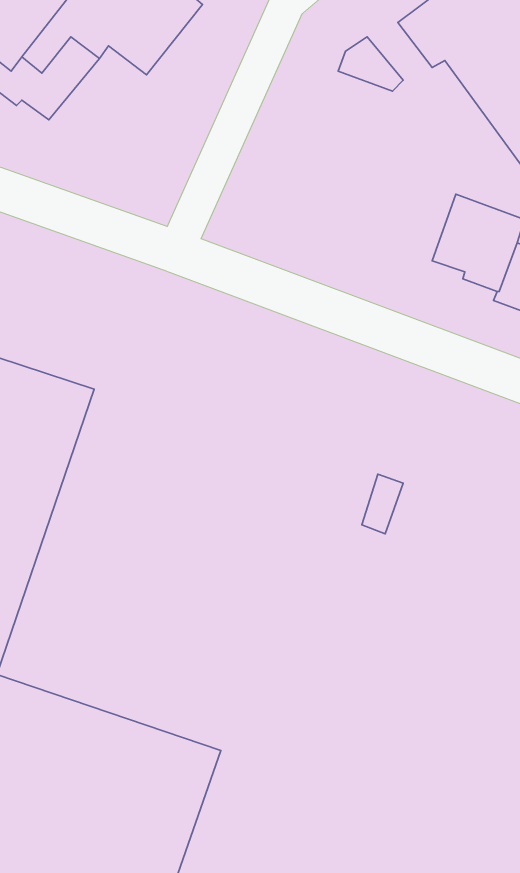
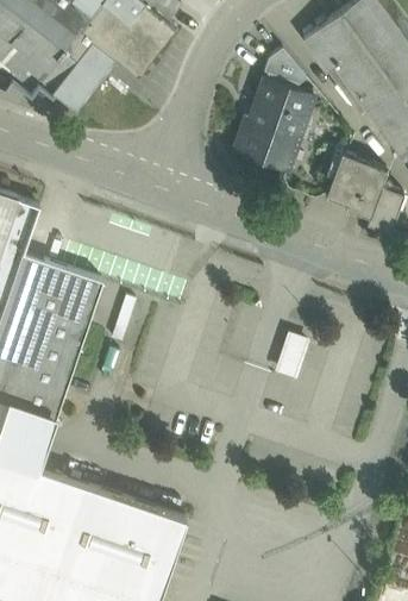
building: none -> [234,79,313,171]

